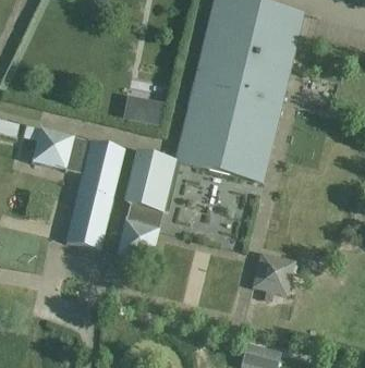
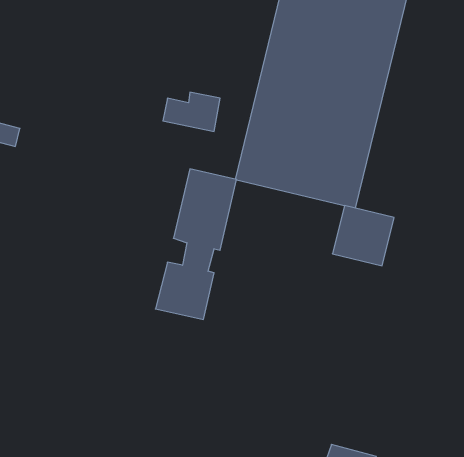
building: [31,126,125,248] -> none
building: [252,252,296,295] -> [332,206,394,266]

